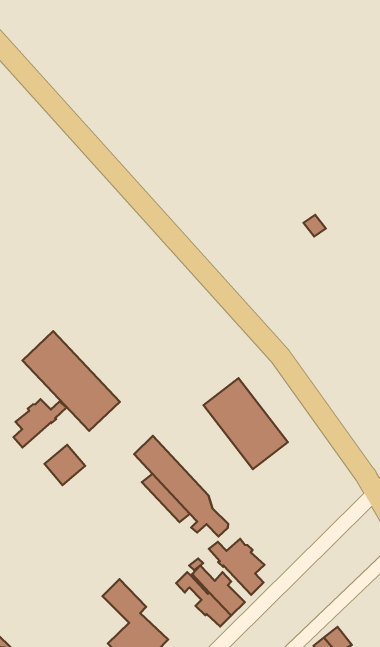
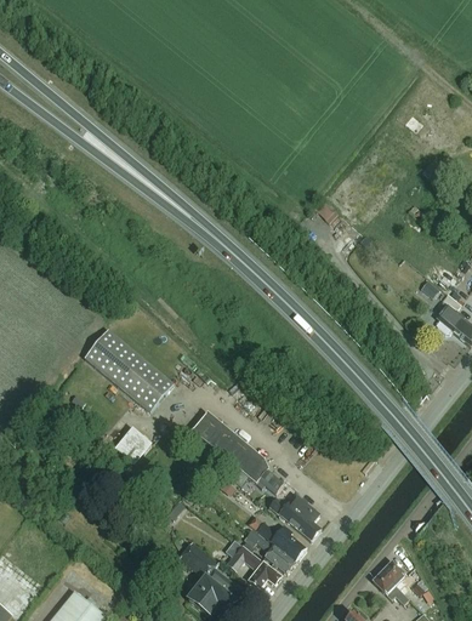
building: [203,378,288,469] -> none
building: [13,399,66,448] -> none
building: none -> [232,545,280,589]

